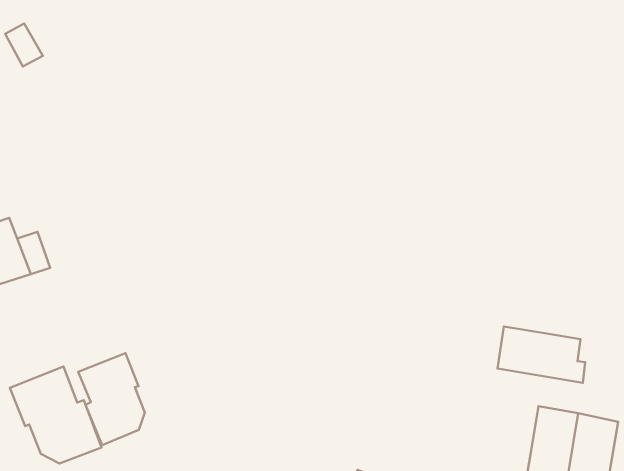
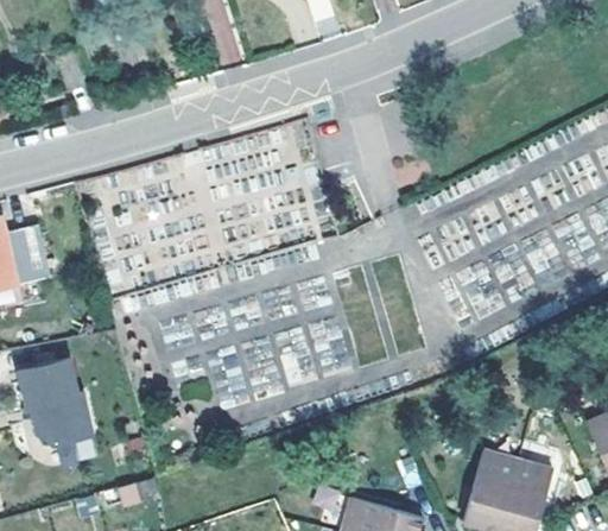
building: [497,326,585,383] -> none
building: [78,353,145,445] -> none

